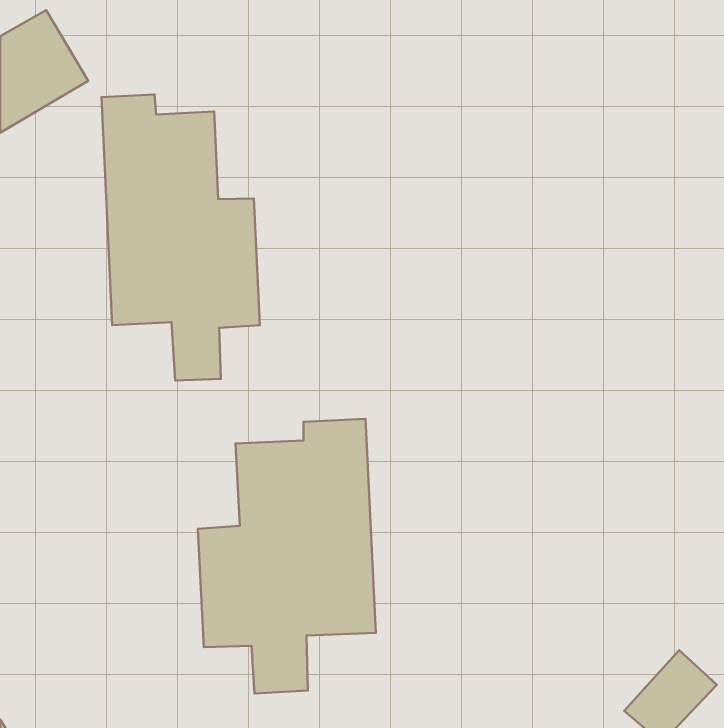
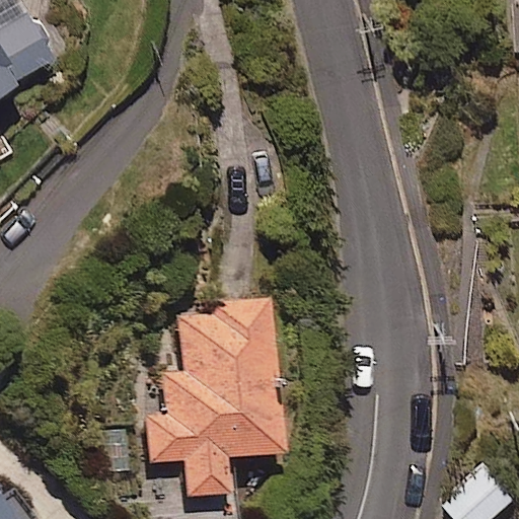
building: [101,95,260,380] -> none

